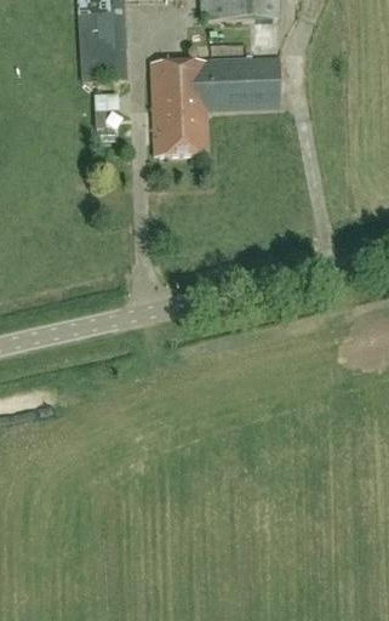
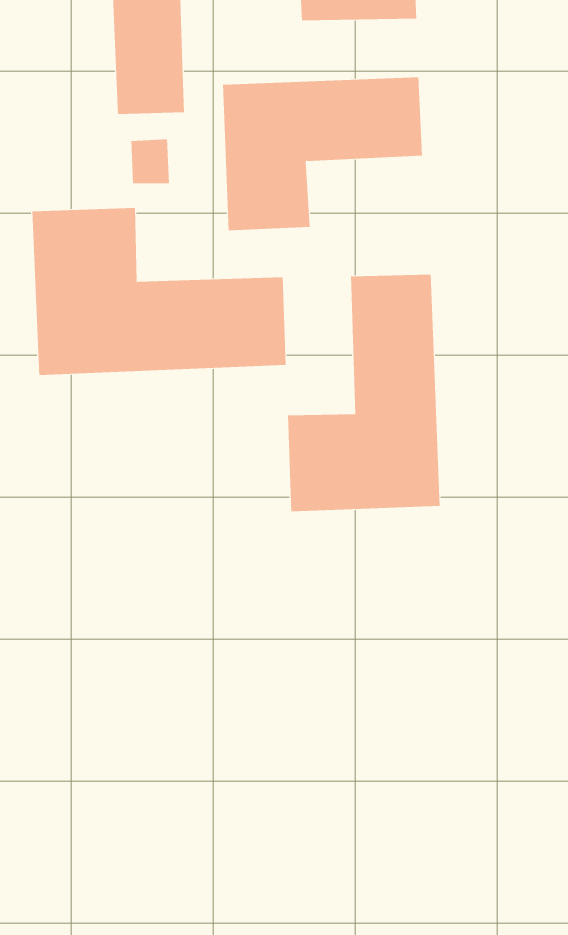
building: none -> [32,207,286,376]
building: none -> [288,274,440,512]

